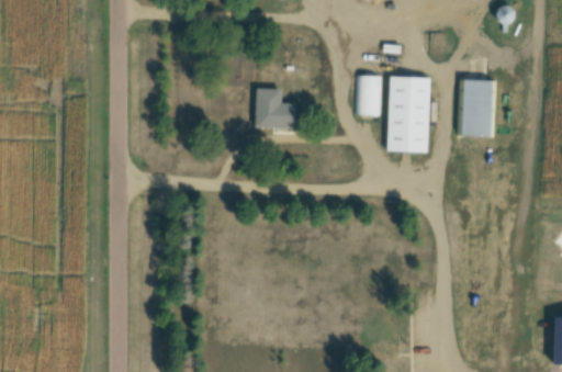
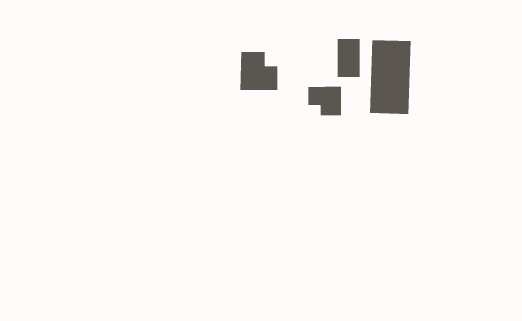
building: [458,80,493,137] -> none
building: none -> [308,86,342,116]

